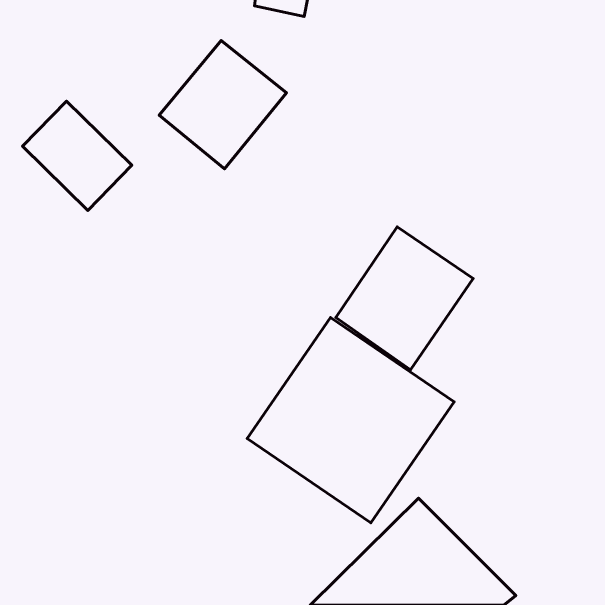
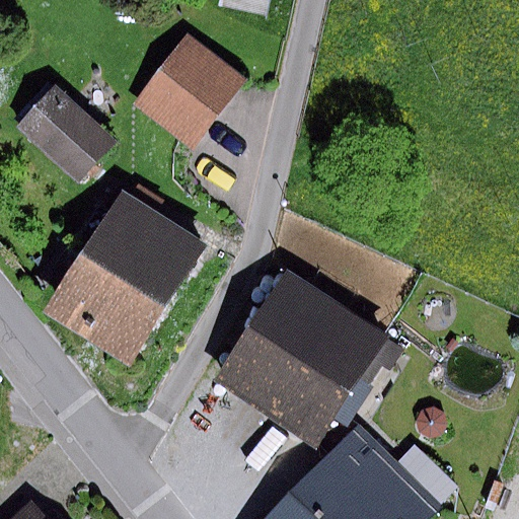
building: none -> [43,190,204,365]
building: [336,227,473,370] -> none

